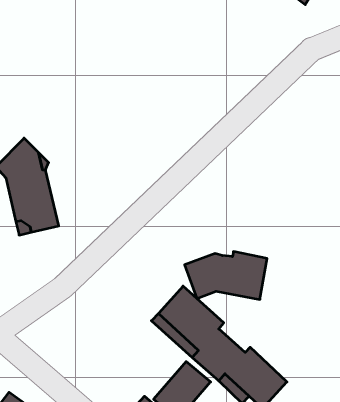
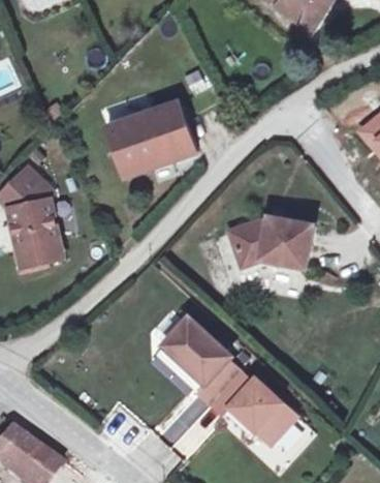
building: none -> [105,101,197,176]
building: [185,252,267,299] -> [229,218,313,267]

